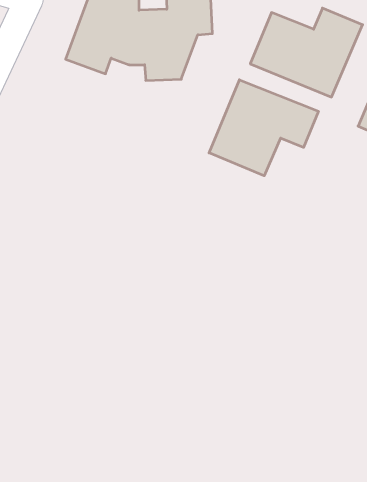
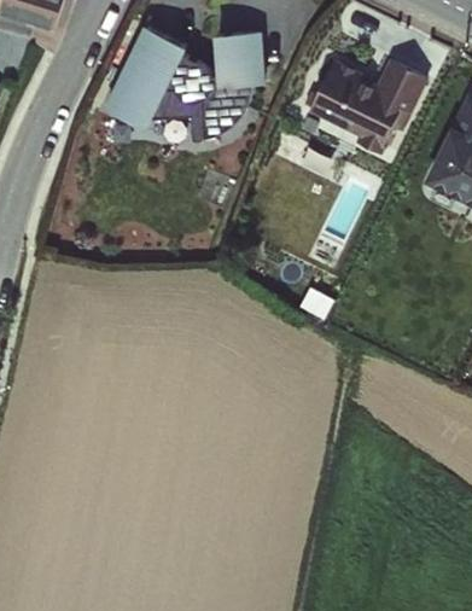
building: [209,80,318,176] -> none

